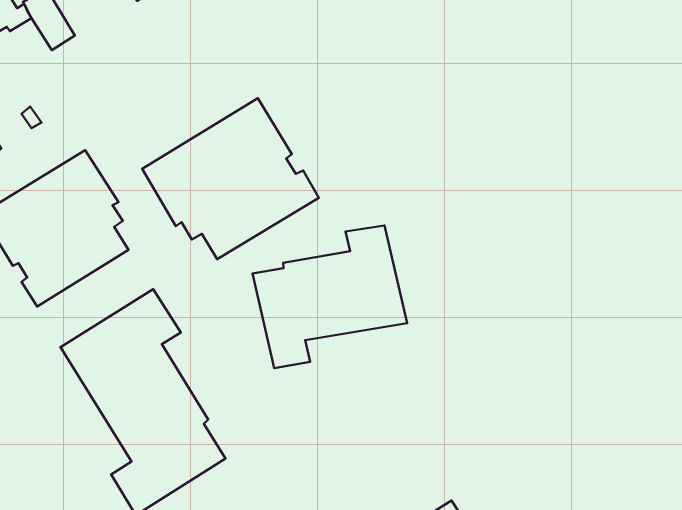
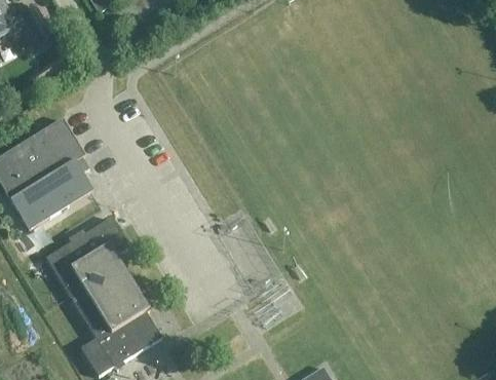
building: [142,98,319,259] -> none
building: [252,225,407,368] -> none

